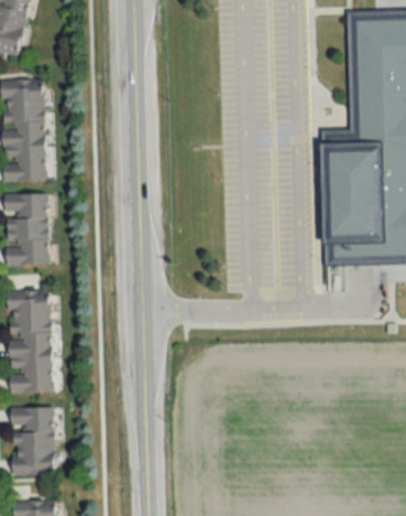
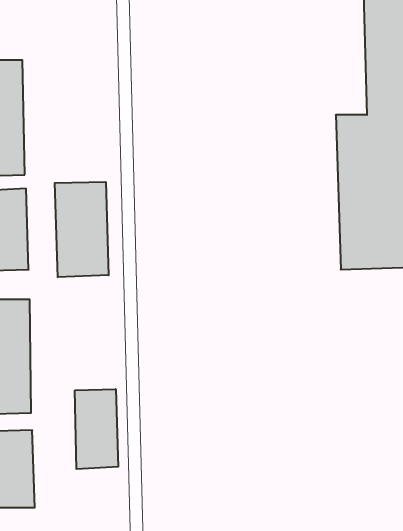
building: none -> [55,182,109,277]
building: none -> [75,389,118,469]

